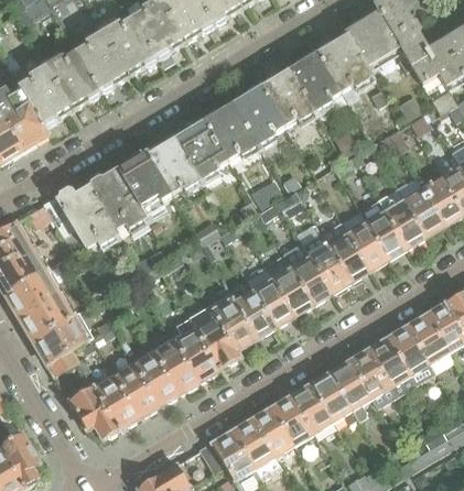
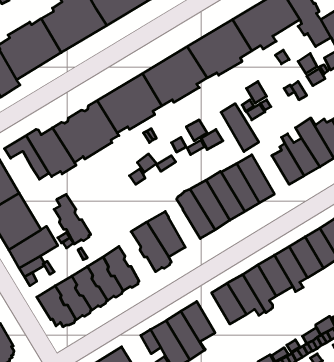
building: [341,210,388,271] -> [221,104,259,152]
building: [236,291,276,338] -> none
building: [173,318,219,381] -> [54,194,91,244]
building: [271,395,313,446] -> none

